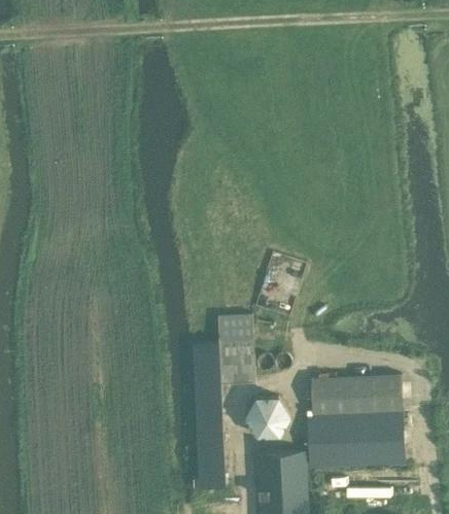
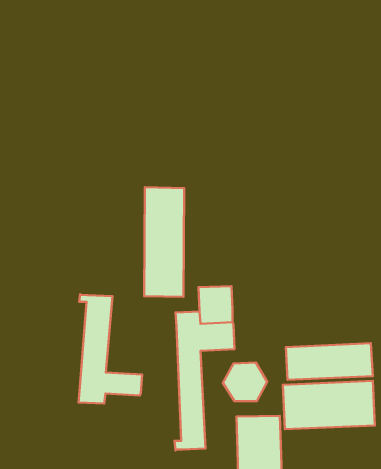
building: none -> [144,187,184,297]
building: none -> [78,294,142,403]

